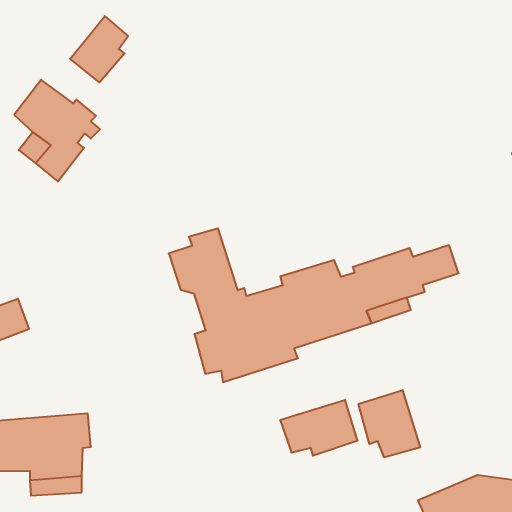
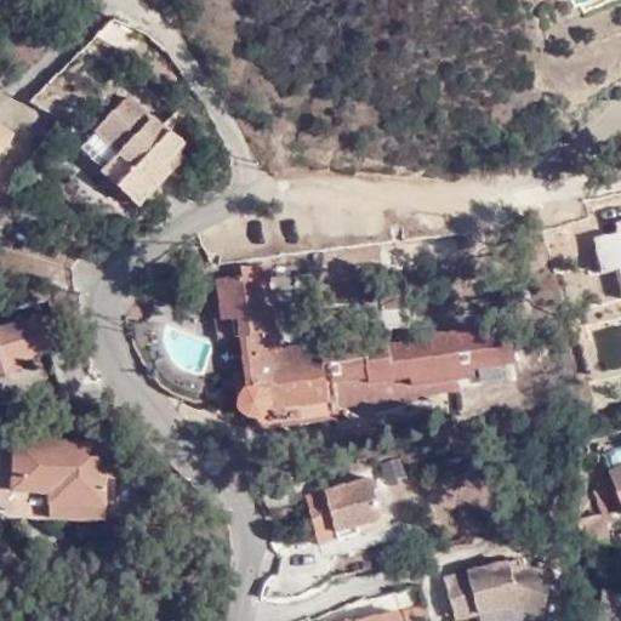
building: [70,16,128,82] -> none
building: [359,390,420,457] -> none

